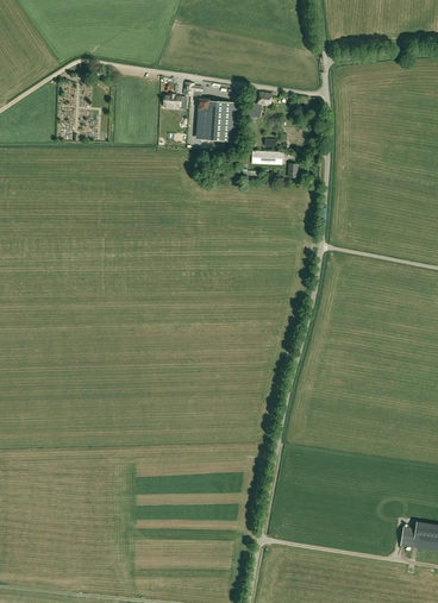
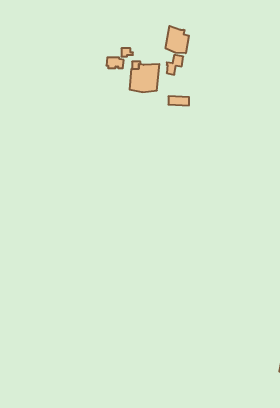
building: none -> [166,26,189,53]

